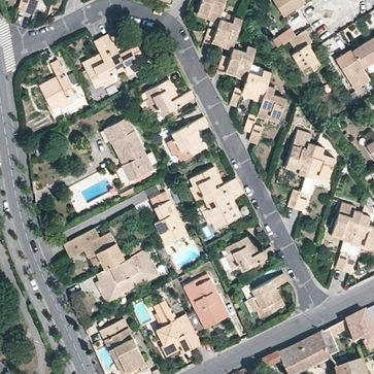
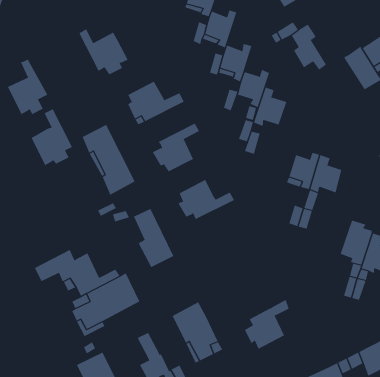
building: [81,37,118,88] -> [31,109,73,166]
building: [201,184,243,229] -> none
building: [225,235,274,270] -> none

